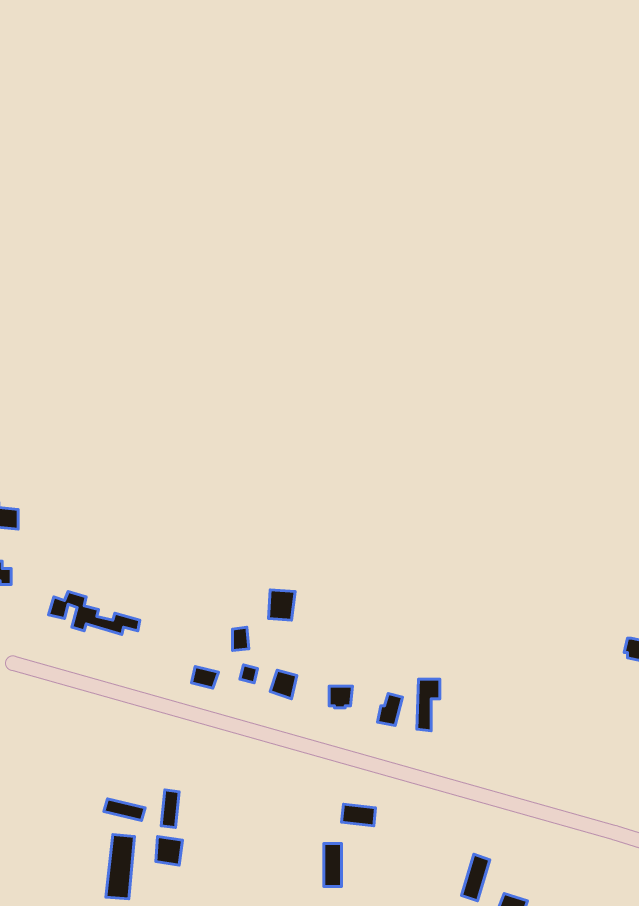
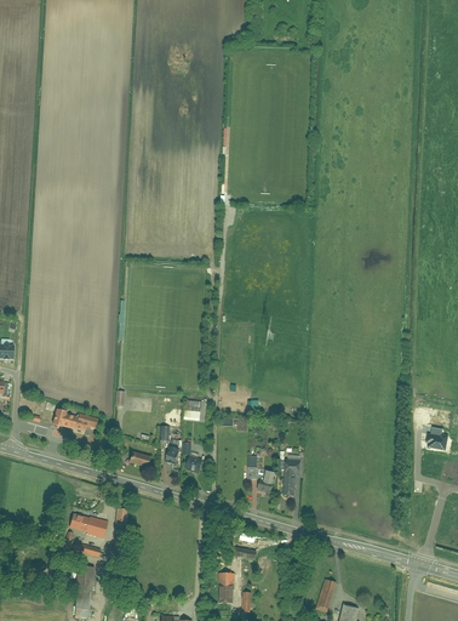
building: none -> [69,513,108,539]

